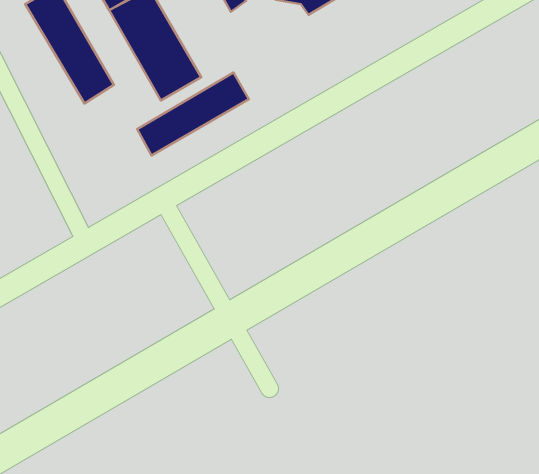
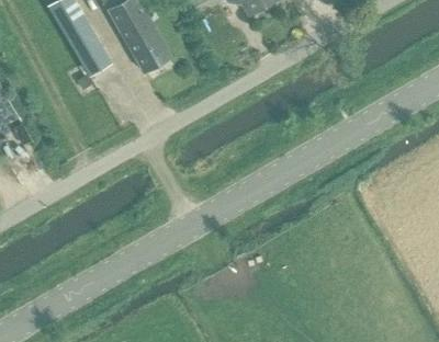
building: [137,72,249,155] -> none

